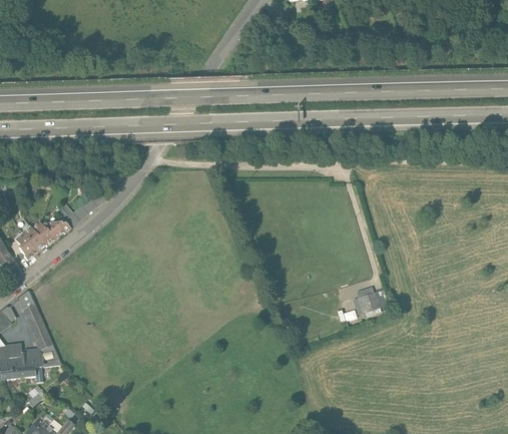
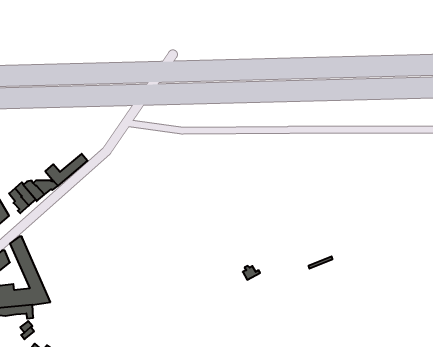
building: [355,288,388,314] -> none

